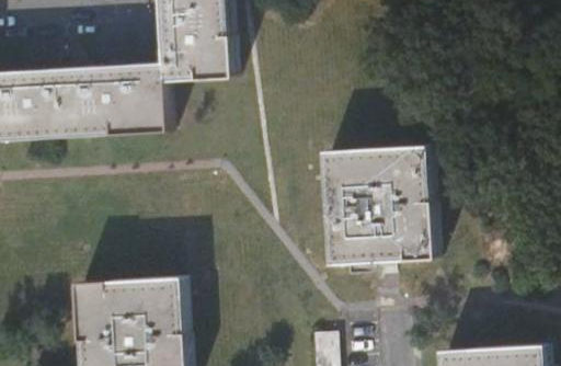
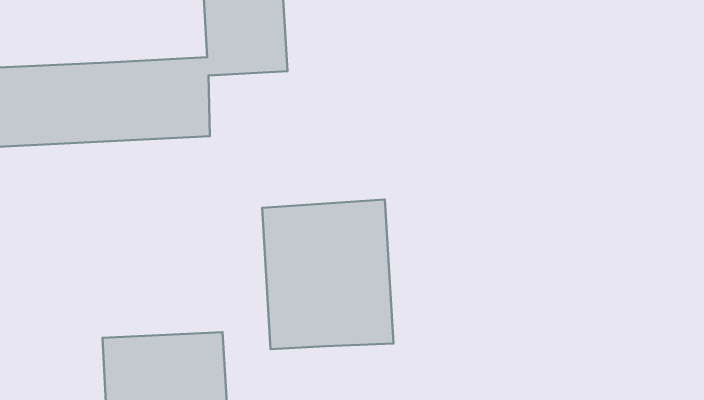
building: [329,146,431,262] -> [262,199,393,349]

